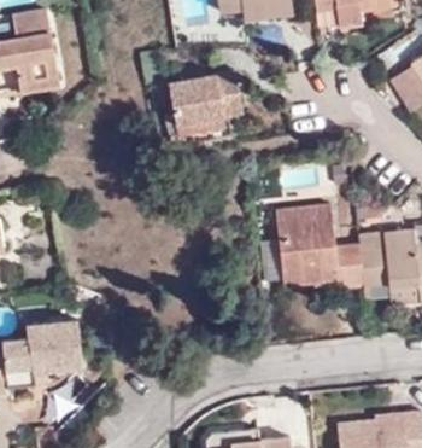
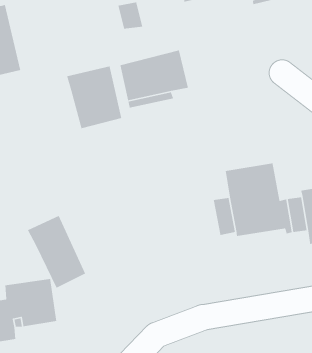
building: none -> [66,65,122,129]
building: none -> [27,215,86,289]

